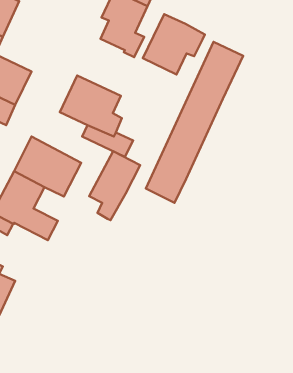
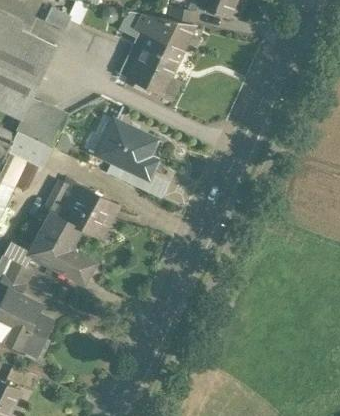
building: [143,14,205,74] -> none
building: [146,42,243,203] -> none
building: [89,151,140,220] -> none

